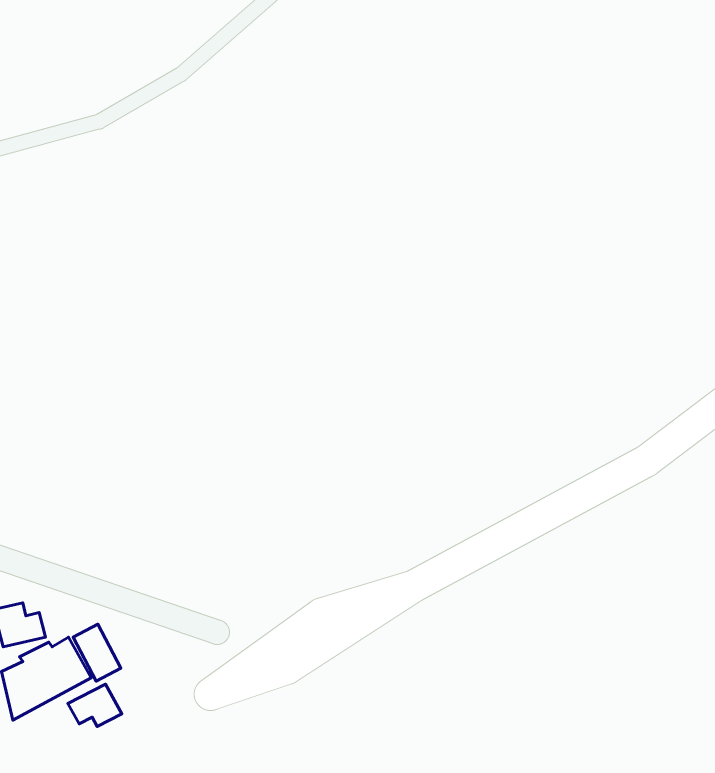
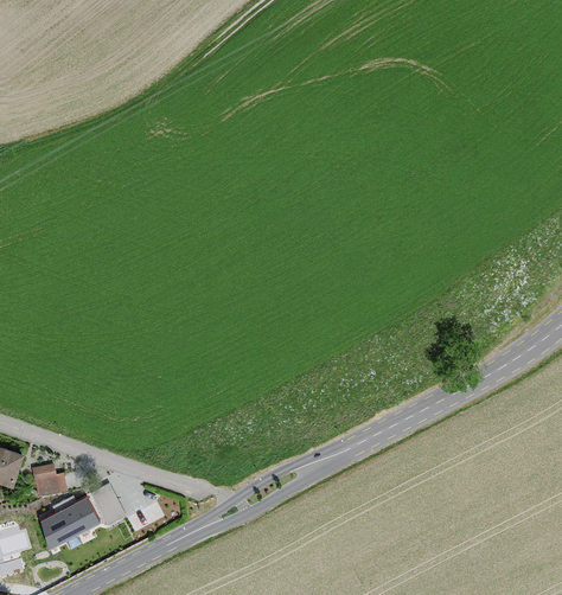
building: [68,684,122,726] -> none

